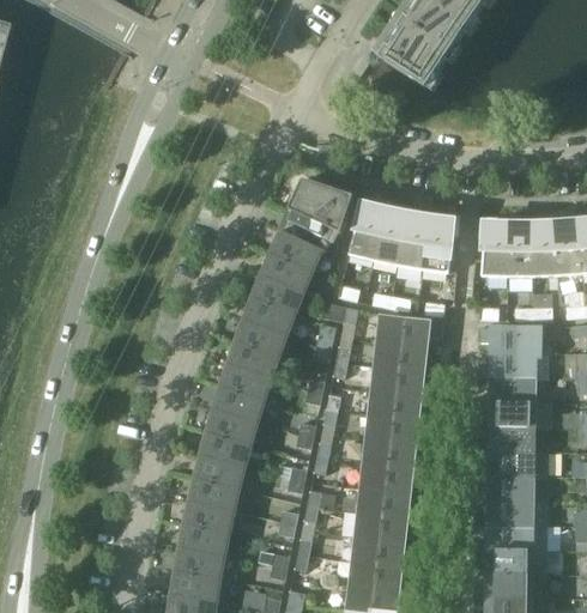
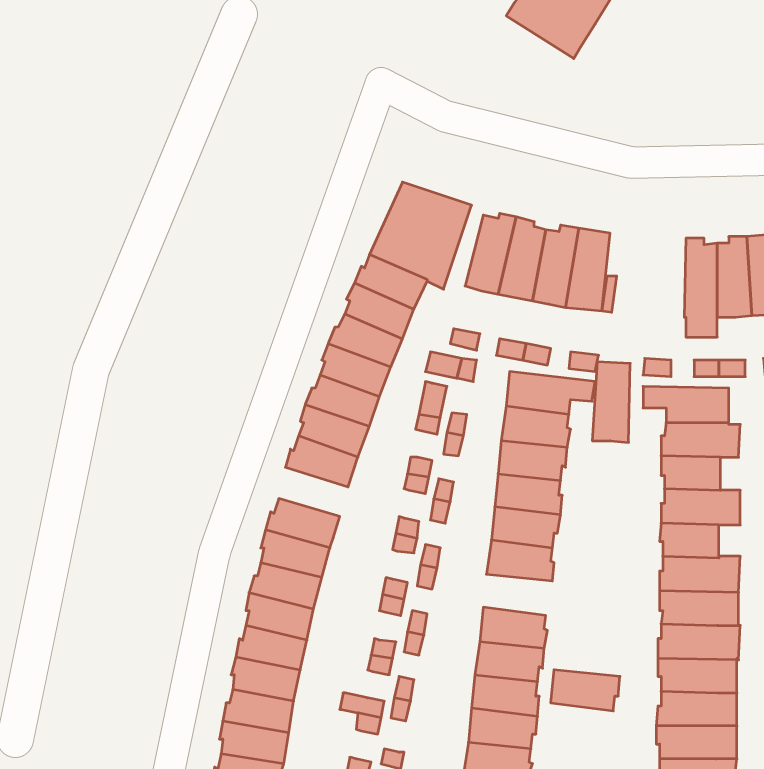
building: [482,218,509,277] -> [592,362,630,442]
building: [213,386,264,421] -> none
building: [362,463,412,493] -> [551,670,620,711]

